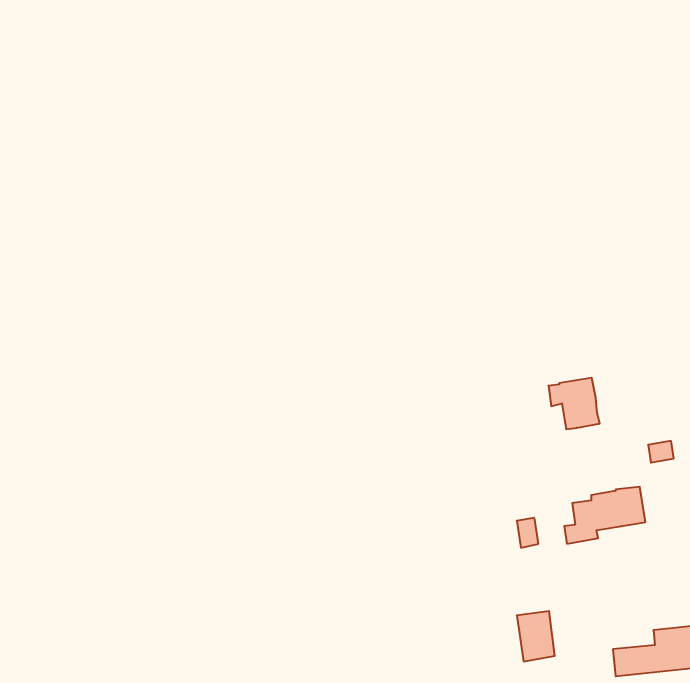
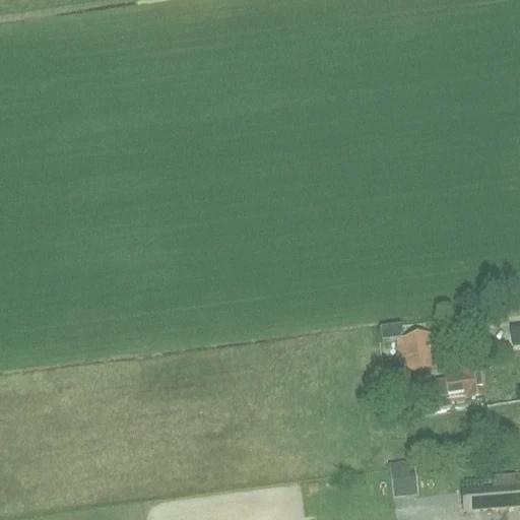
building: [548,378,600,429] -> [396,332,435,371]

